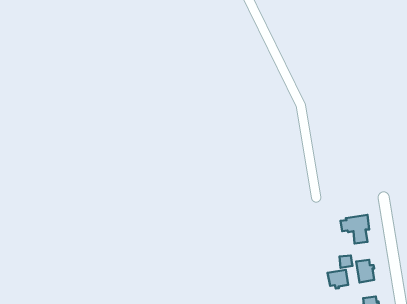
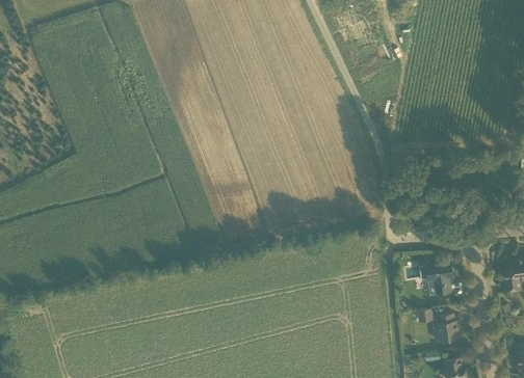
building: [328,270,348,288] -> none

